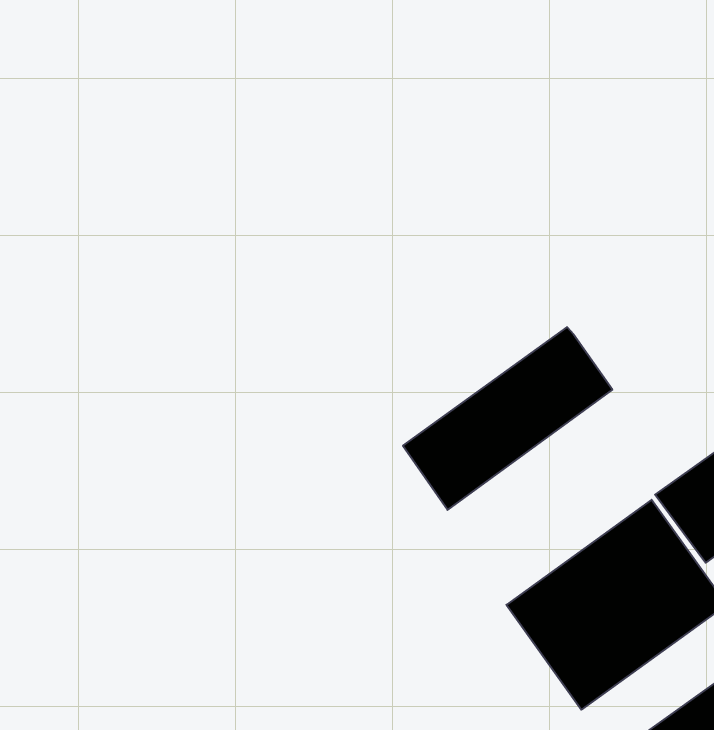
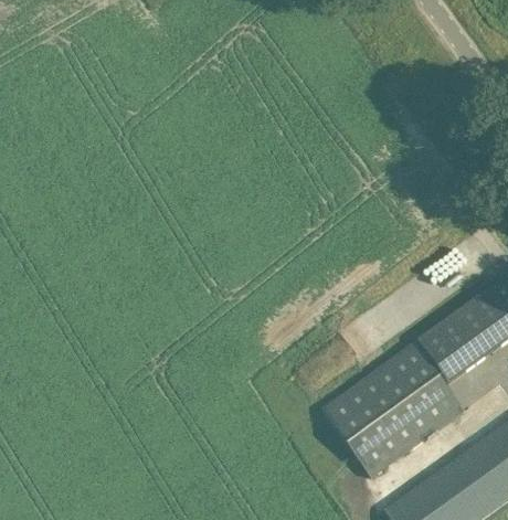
building: [403,327,612,510] -> none

